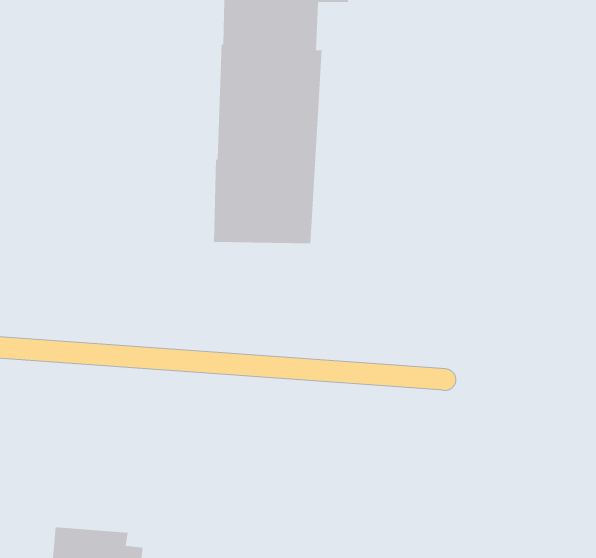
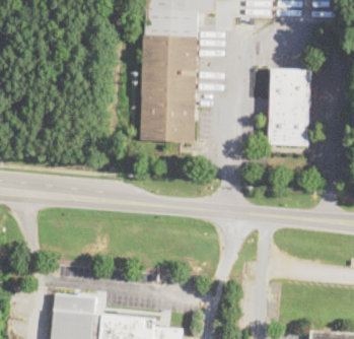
building: none -> [270,68,310,145]

